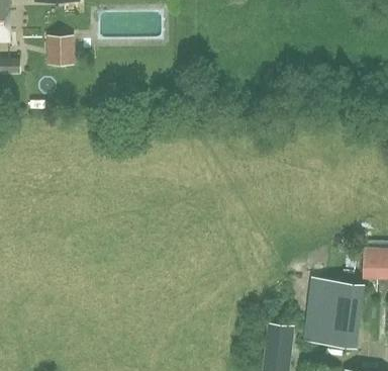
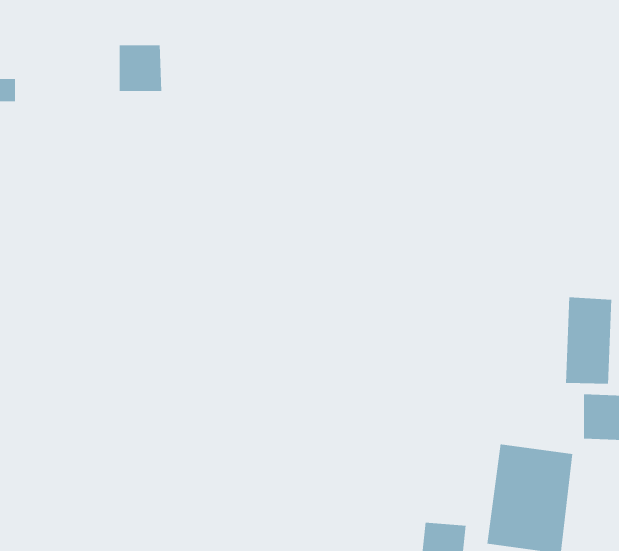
building: [47,36,74,65] -> [119,45,162,92]
building: none -> [565,296,612,385]

